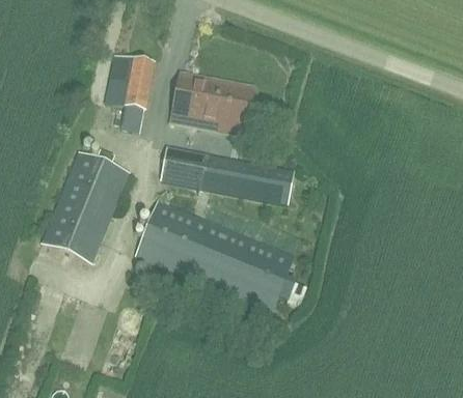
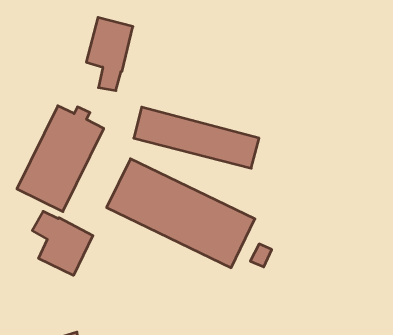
building: [172,72,254,134] -> none
building: none -> [32,211,93,275]

